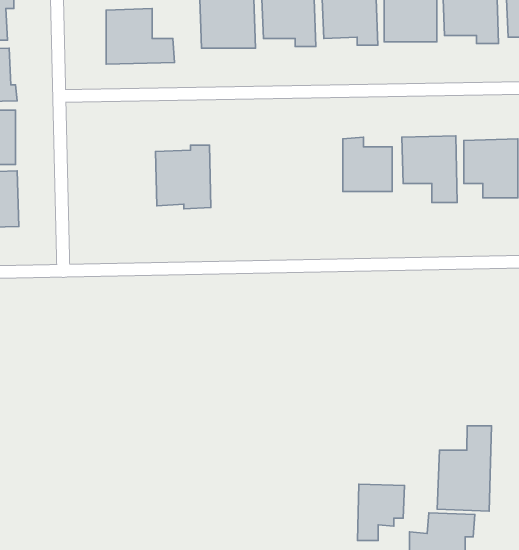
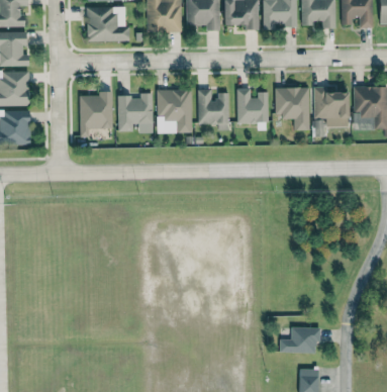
building: none -> [157,89,192,133]
building: none -> [198,89,229,129]
building: none -> [80,94,113,136]
building: [437,426,491,511] -> none
building: [357,484,404,540] -> none

